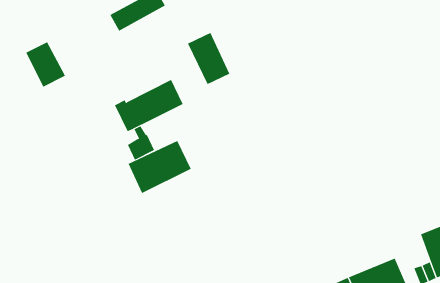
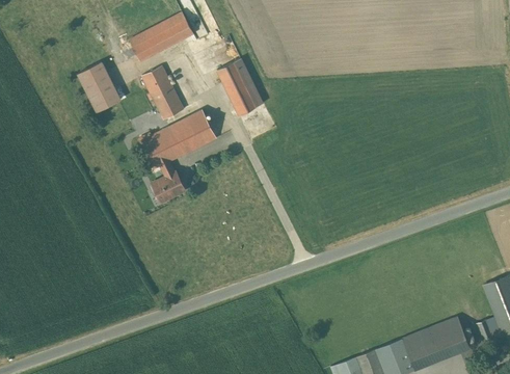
building: none -> [143,66,186,122]
building: [25,42,66,88] -> [80,65,126,117]
building: [128,140,191,194] -> none

